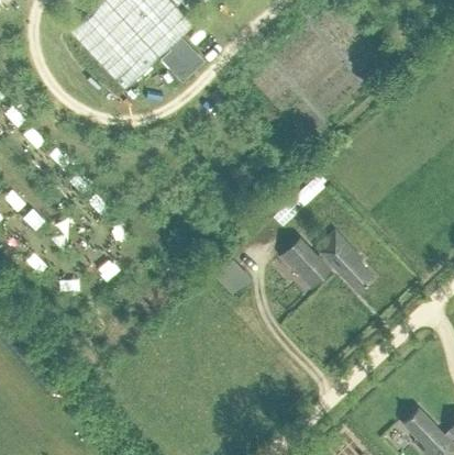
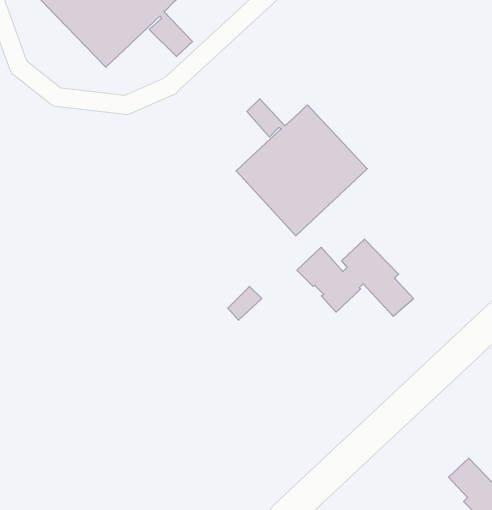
building: none -> [236,99,367,236]

